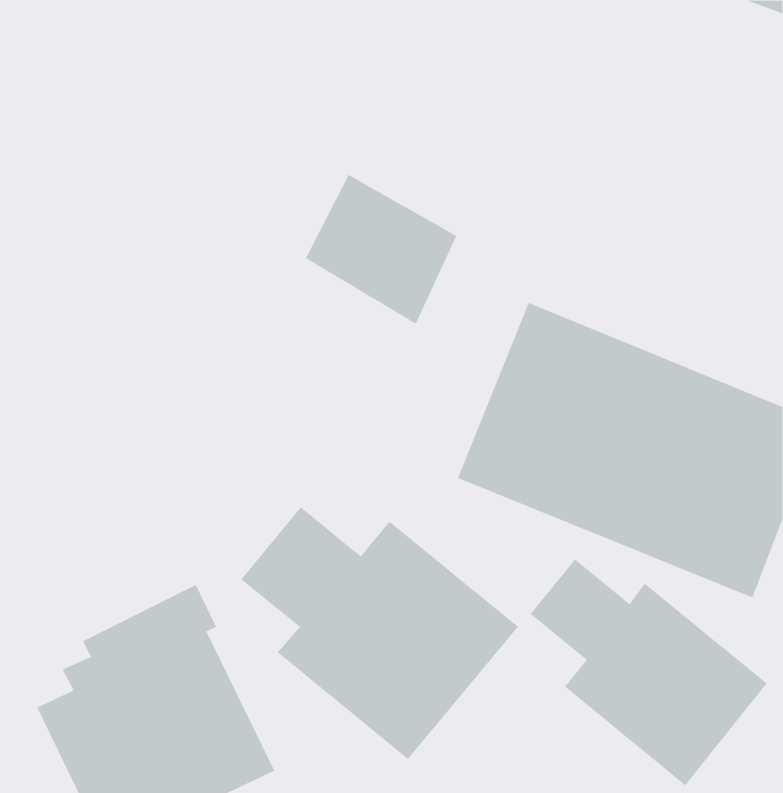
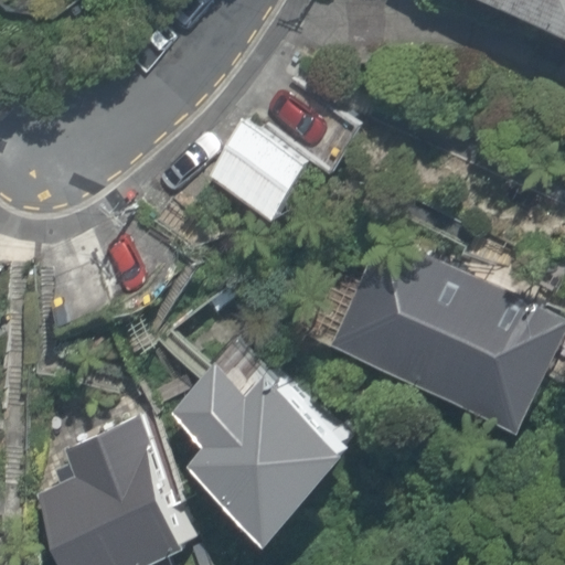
building: [530,558,767,786] -> none

